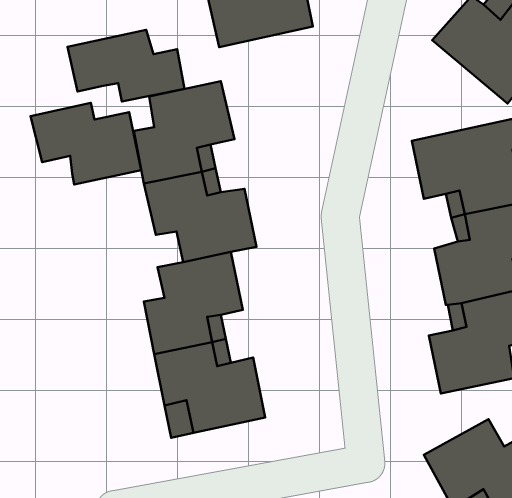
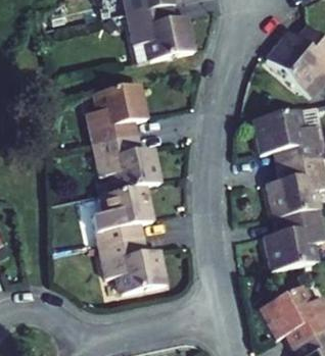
building: [68,30,185,101] -> none
building: [31,103,141,184] -> none

